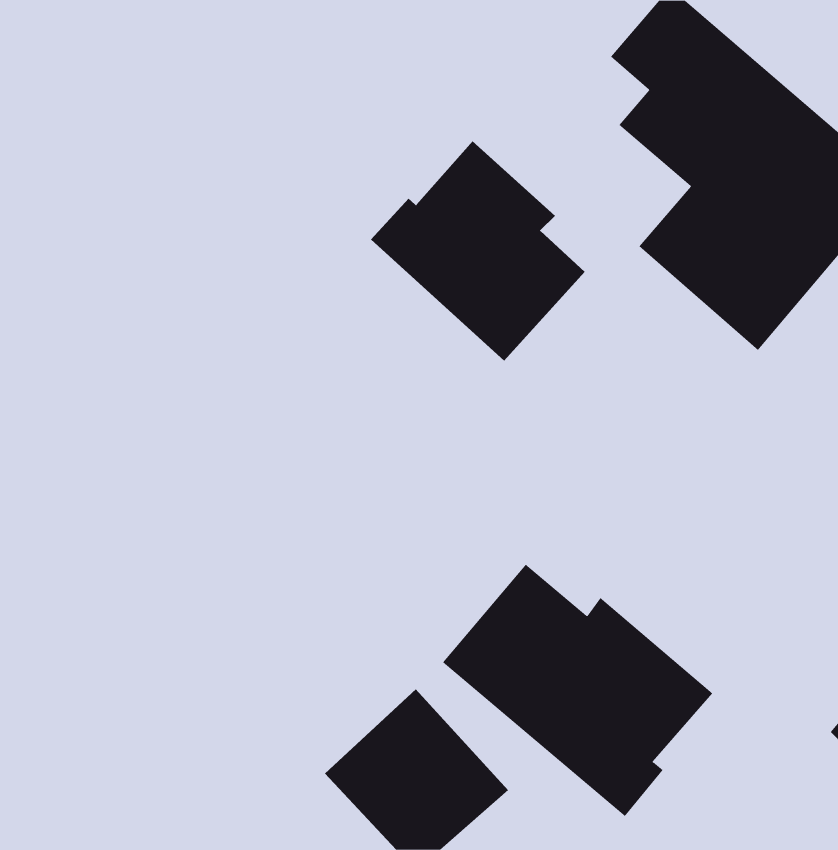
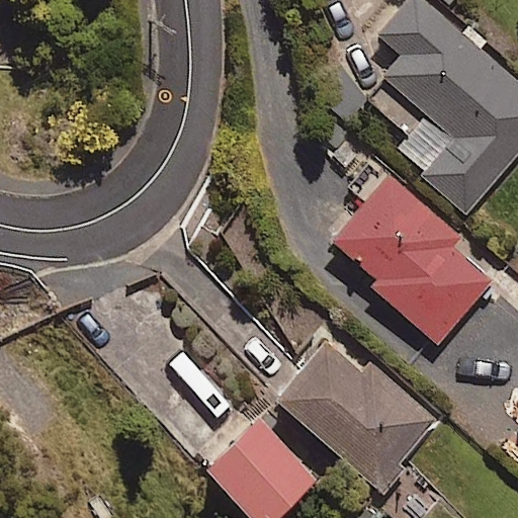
building: [370,141,585,361] -> none
building: none -> [327,173,494,342]

